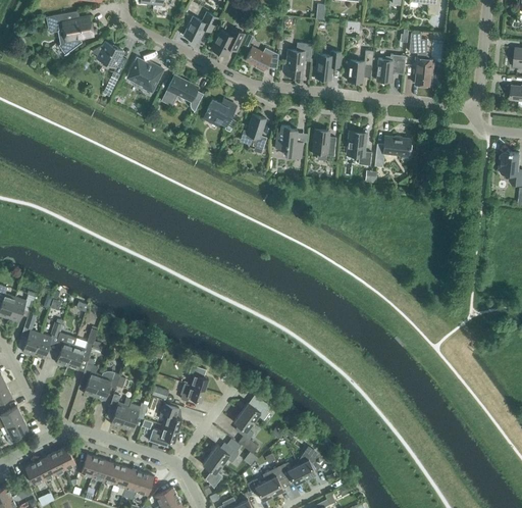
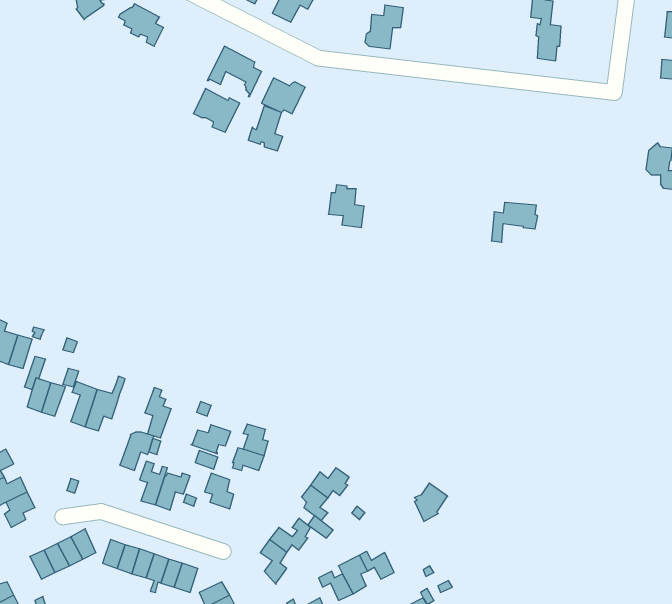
building: [245,47,278,72] -> none
building: [347,50,373,83] -> none
building: [315,51,342,80] -> none
building: [376,54,405,85] -> none
building: [127,58,163,92] -> [193,88,240,132]
building: [241,114,267,149] -> [248,106,283,151]
building: [275,125,303,158] -> [328,185,364,227]
building: [312,129,335,160] -> none
building: [347,133,371,165] -> none
building: [374,137,410,167] -> [491,202,538,242]
building: [82,358,102,397] -> [145,388,171,438]
building: [148,425,178,448] -> [191,425,231,454]
building: [298,450,323,479] -> [414,483,448,521]

